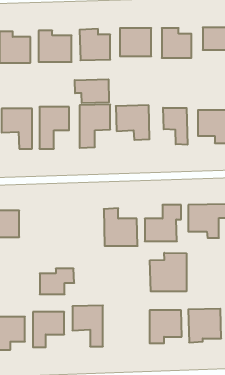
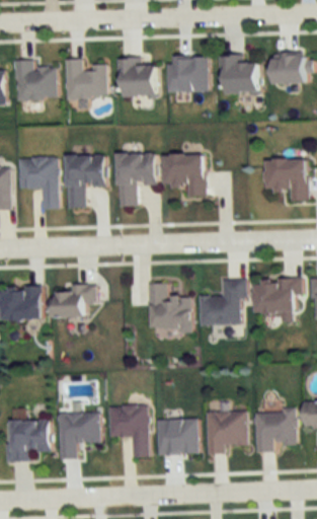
building: [75,79,109,103] -> none
building: [163,108,187,145] -> none
building: [150,253,186,291] -> none
building: [40,269,74,294] -> [52,285,95,317]
building: none -> [156,419,197,454]

